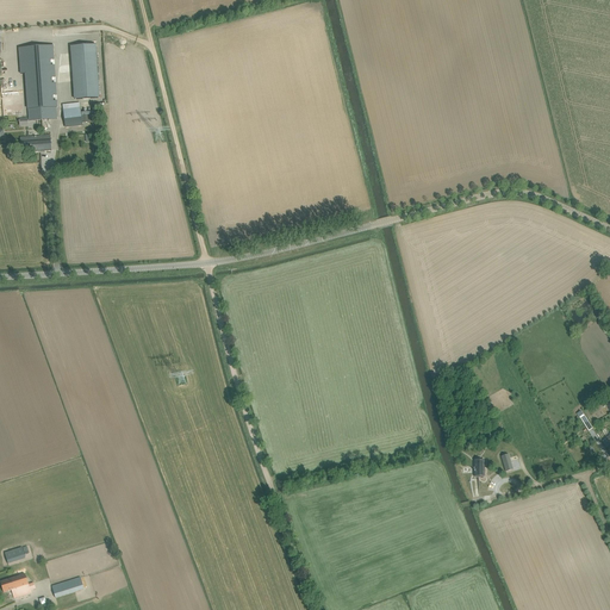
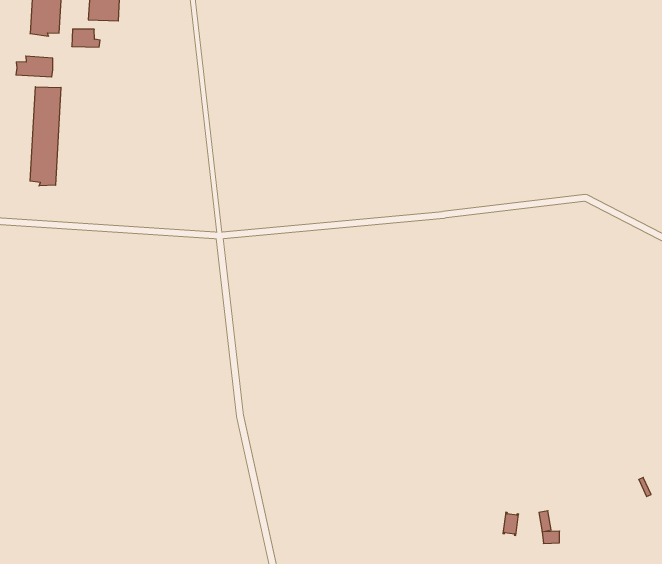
building: none -> [30,87,61,186]

